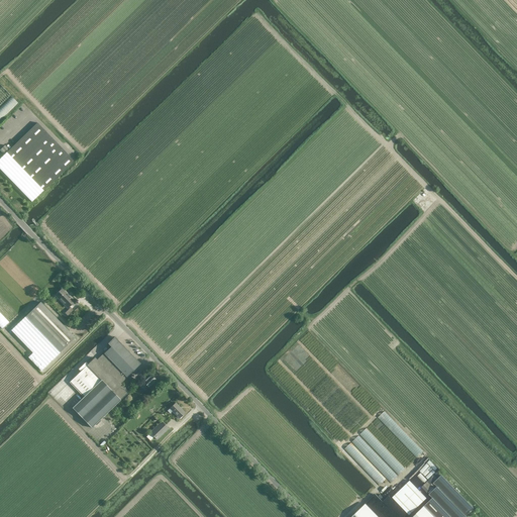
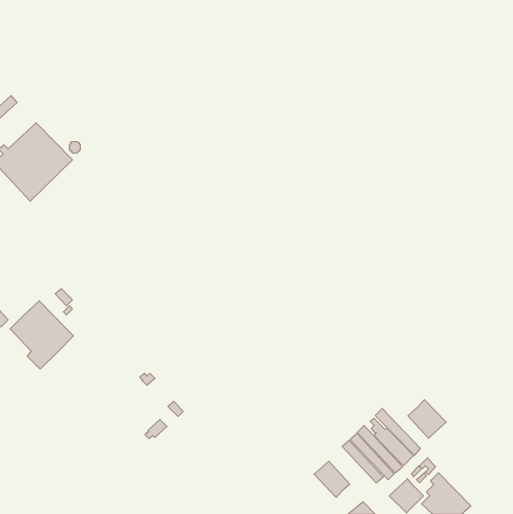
building: [68,337,139,428] -> none
building: none -> [408,400,446,438]
building: none -> [314,461,350,497]

